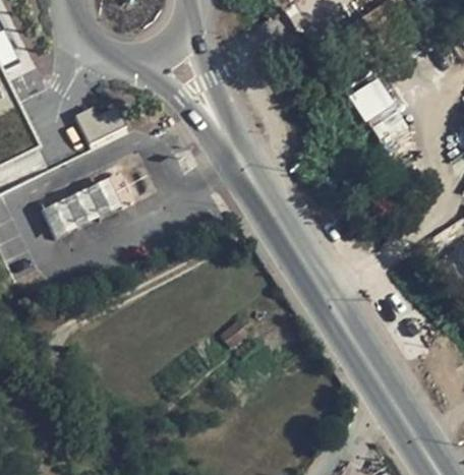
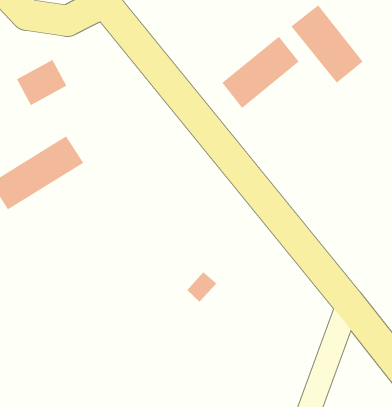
building: none -> [222,36,300,109]

